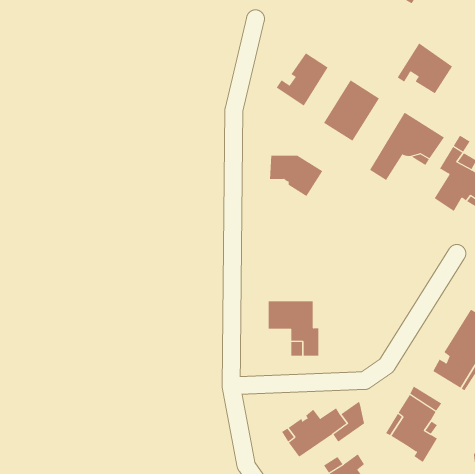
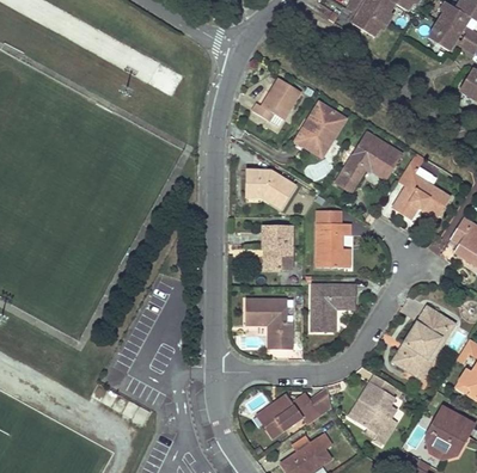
building: [397,43,453,94] -> none
building: none -> [316,221,350,266]
building: none -> [262,226,291,269]
building: none -> [311,282,355,330]

